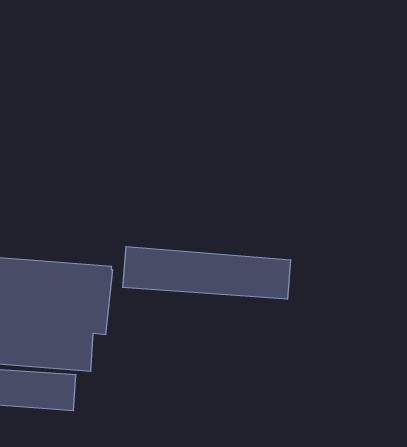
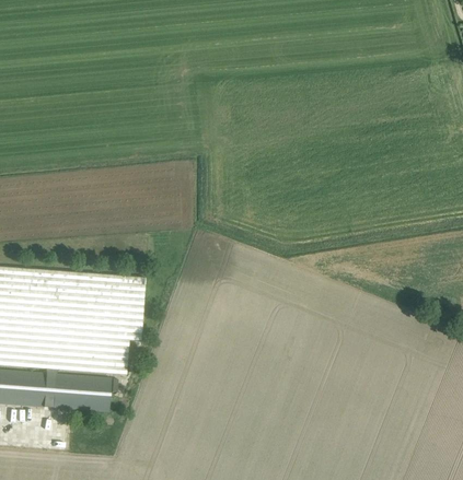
building: [123,247,291,299] -> none

